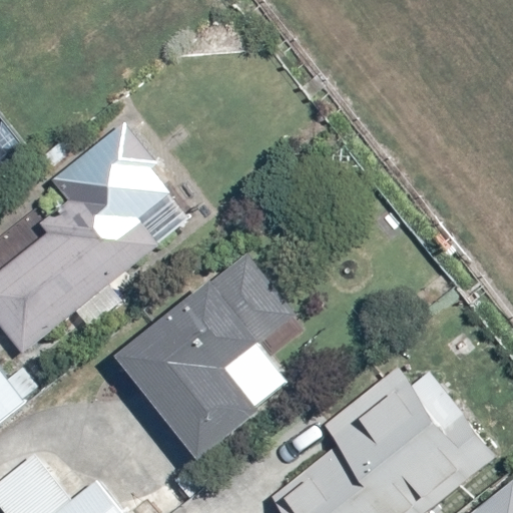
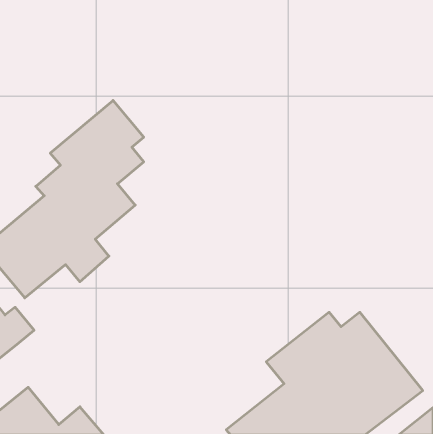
building: [111,248,297,456] -> none

